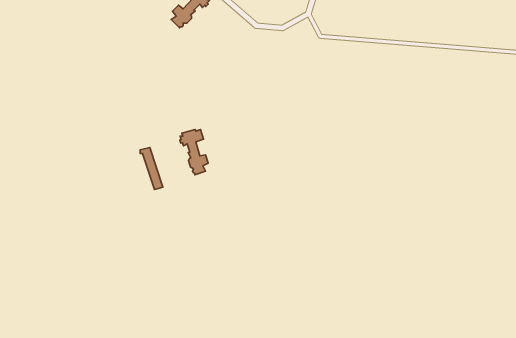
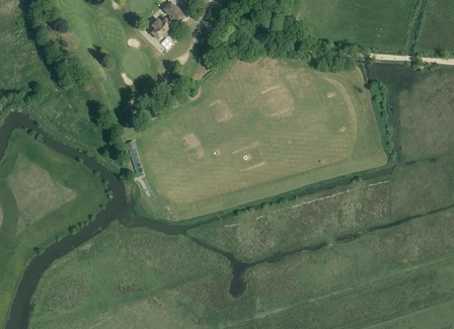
building: [180,129,208,175] -> none

